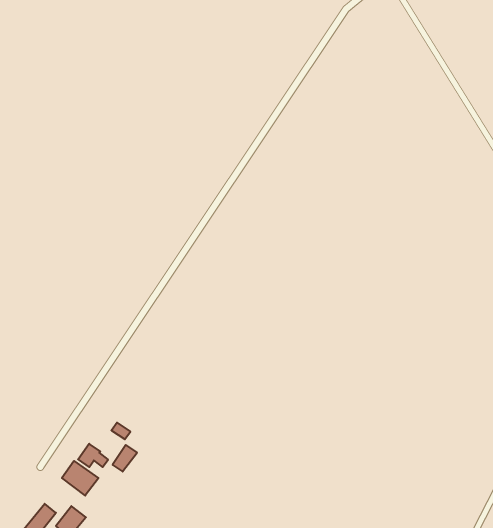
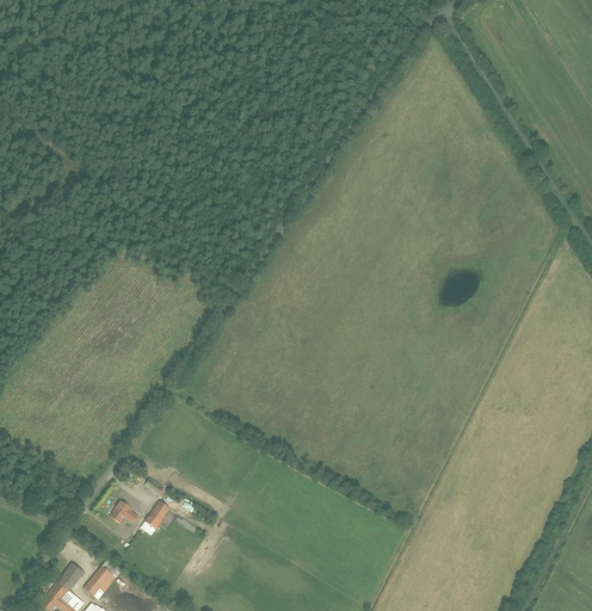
building: [62,461,98,496] -> none

